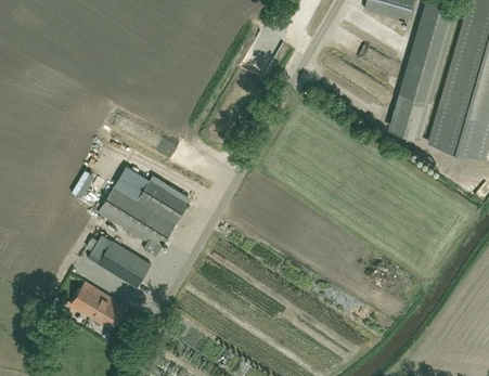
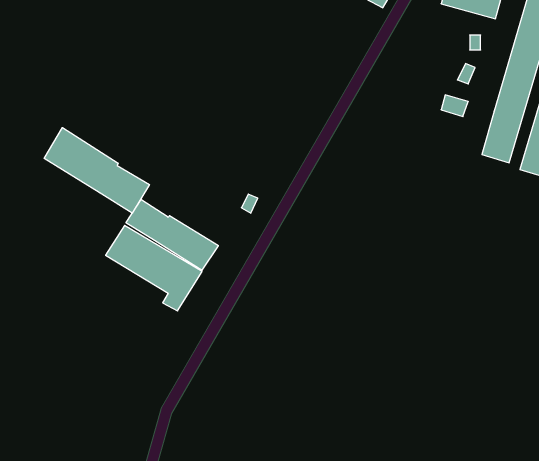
building: none -> [44,128,149,213]
building: [95,239,149,286] -> none
building: [69,281,124,328] -> none

